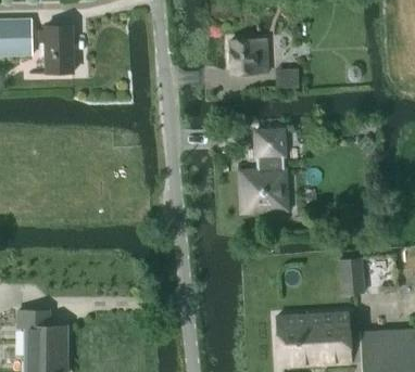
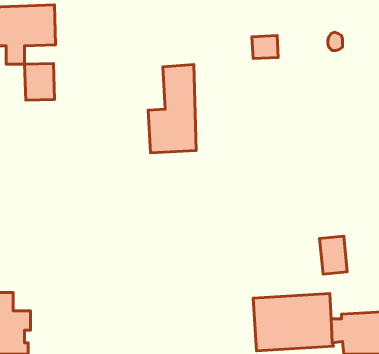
building: [229,37,269,73] -> none
building: none -> [25,63,54,100]
building: [241,127,287,210] -> [148,64,196,153]

